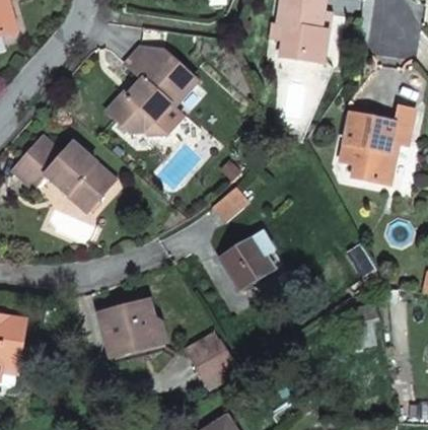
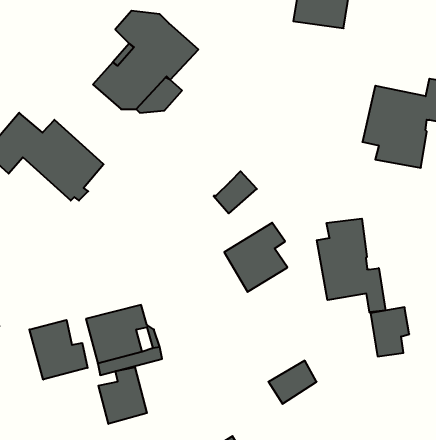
building: none -> [317,219,386,312]
building: none -> [29,320,88,380]
building: [190,339,231,376] -> [268,361,317,404]
building: none -> [98,367,147,424]

